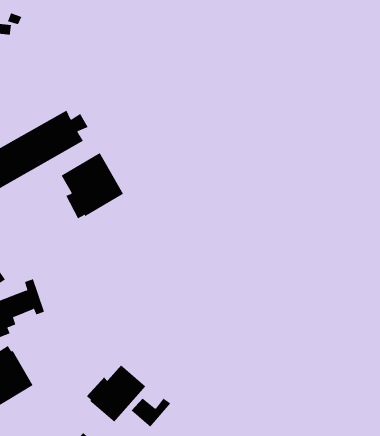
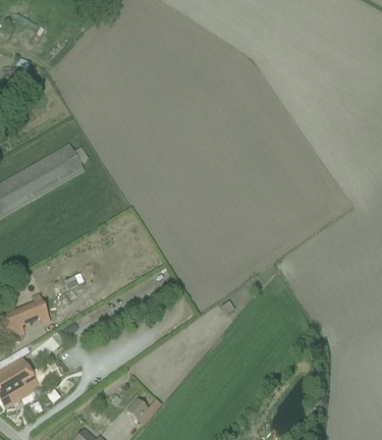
building: [61,152,124,219] -> none
building: [86,364,146,422] -> none

